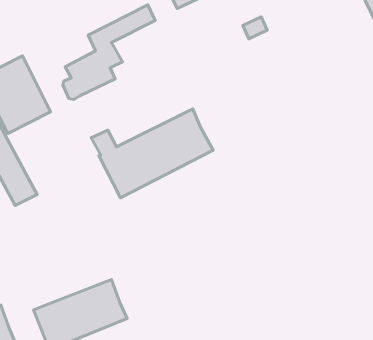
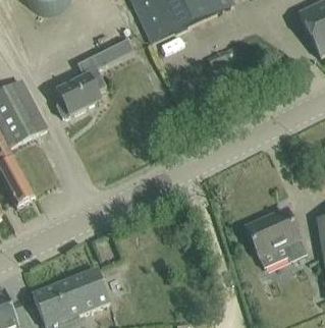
building: [91,109,213,198] -> none
building: none -> [247,210,308,268]

